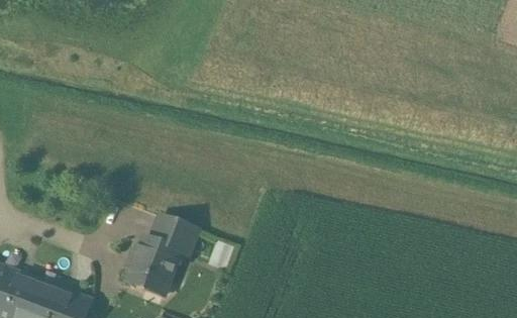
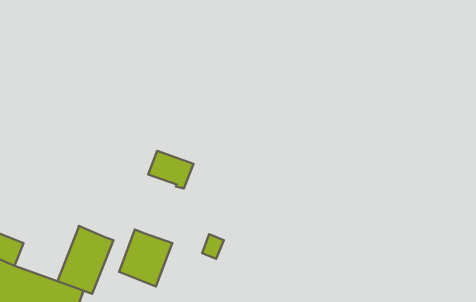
building: [150,216,197,254] -> [148,151,194,188]
building: none -> [57,226,114,294]

